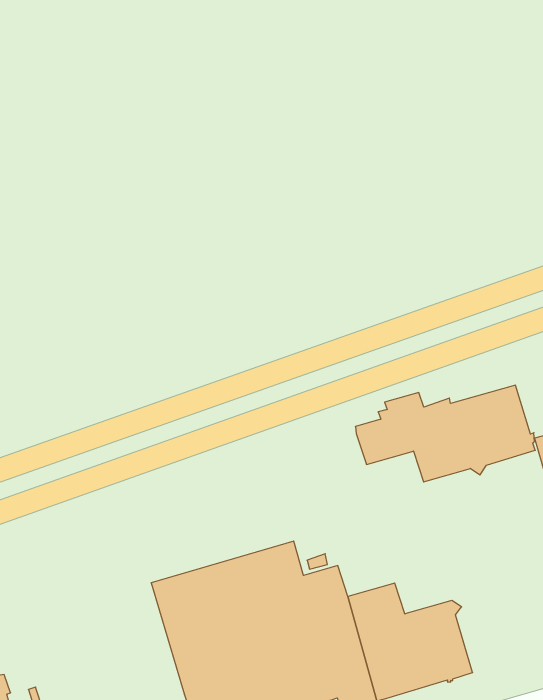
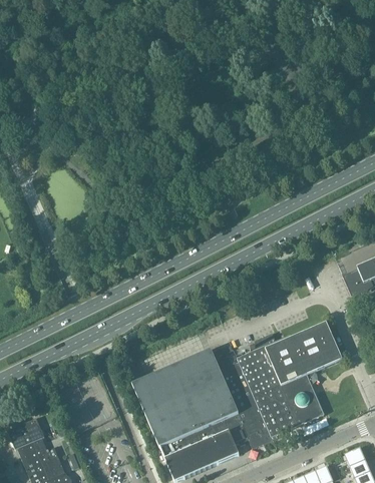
building: [355,385,535,482] -> [237,322,342,384]

